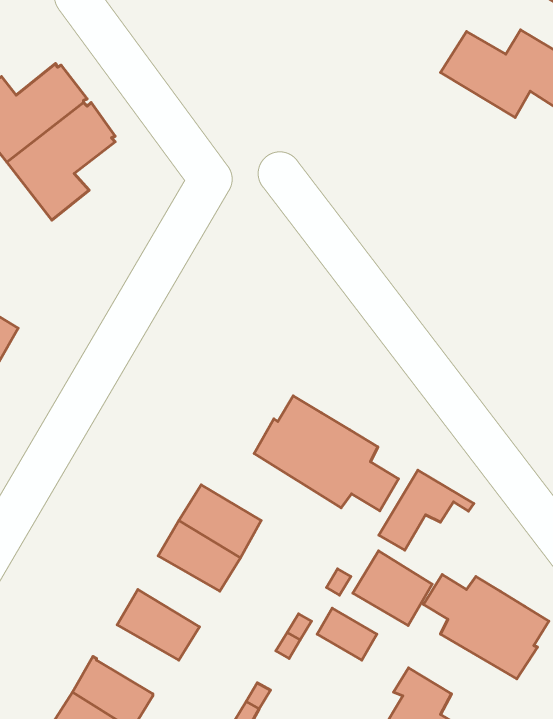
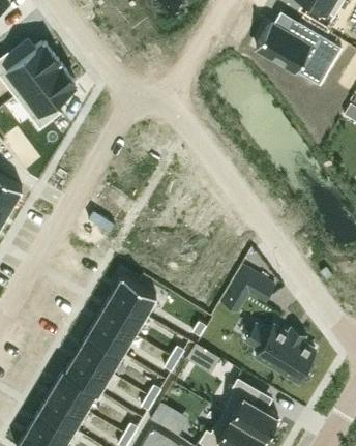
building: [254,396,399,511] -> none
building: [353,551,432,626] -> none
building: none -> [89,316,135,355]
building: none -> [66,354,112,394]

